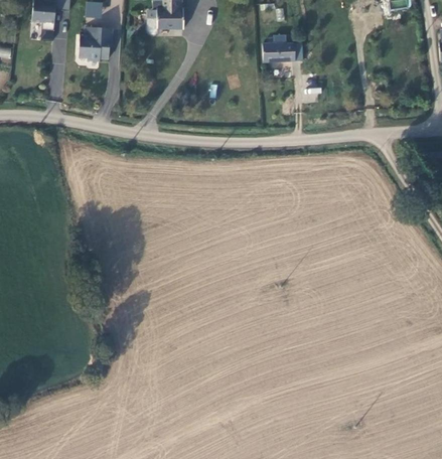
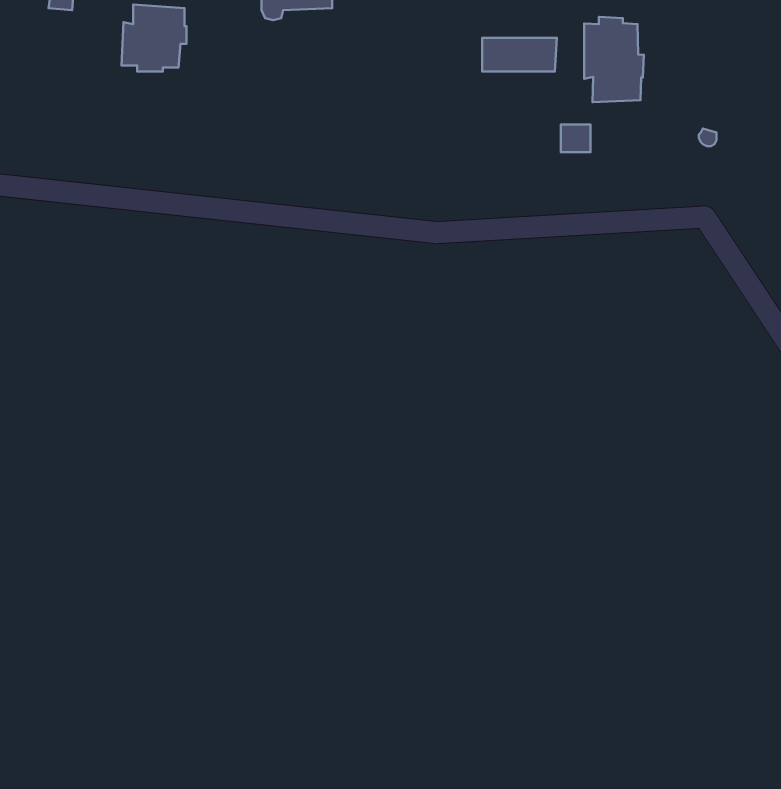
building: none -> [584,17,644,102]

